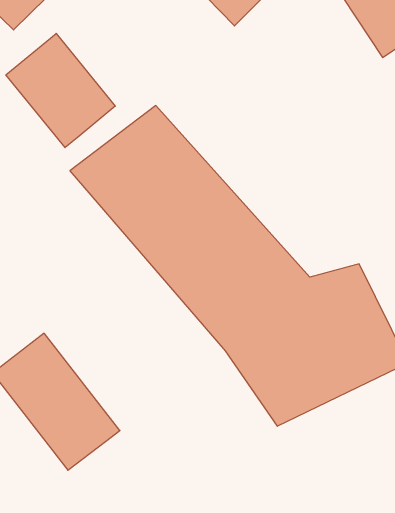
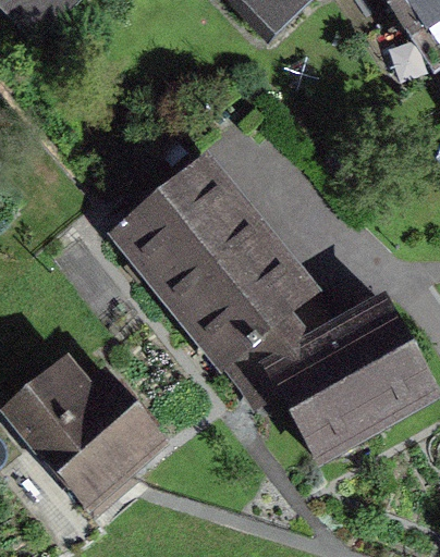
building: [6,33,115,148] -> none

